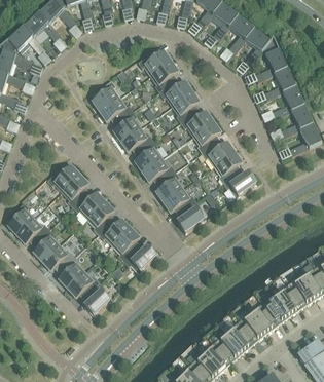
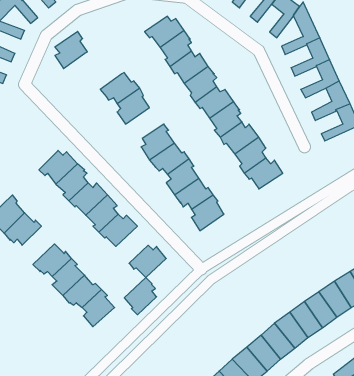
building: [92,79,119,111] -> [55,31,87,69]
building: [120,126,153,153] -> none
building: [32,228,60,261] -> none
building: [112,228,140,260] -> [124,278,157,315]

